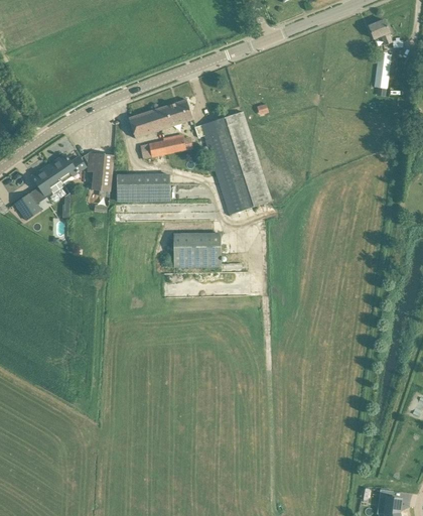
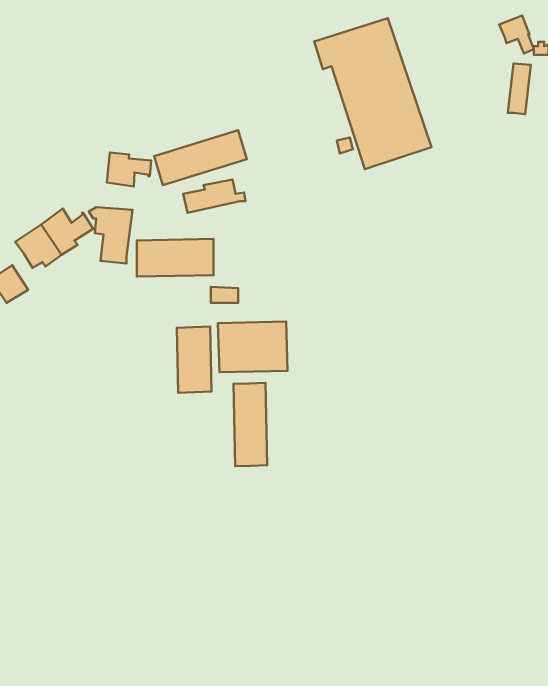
building: [193,110,275,215] -> [314,18,431,169]
building: none -> [107,153,151,186]
building: none -> [177,327,211,393]
building: none -> [233,383,267,466]

